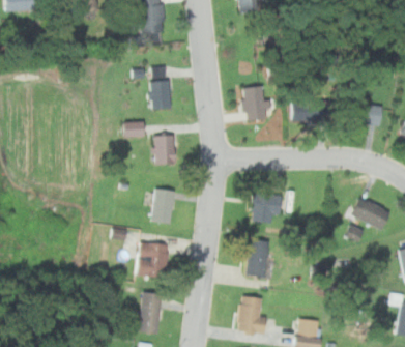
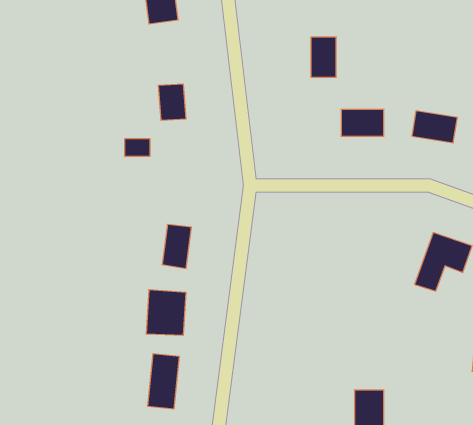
building: [241,89,261,120] -> [311,37,336,77]
building: [153,137,172,165] -> none
building: [255,192,285,222] -> none
building: [249,238,271,277] -> none
building: [238,294,268,334] -> none

